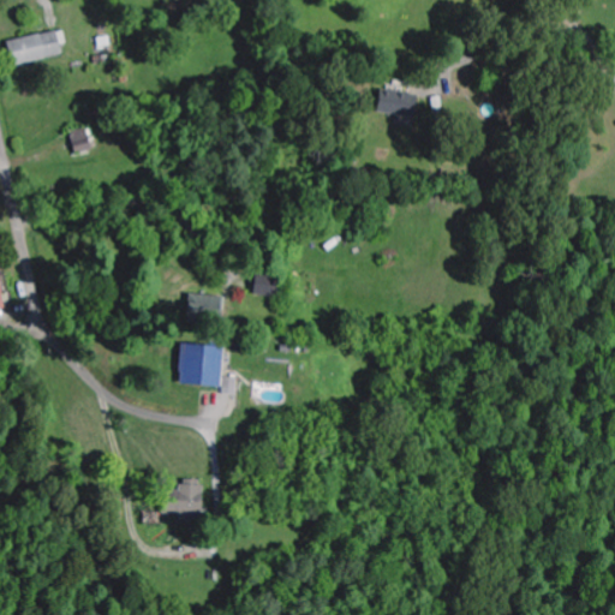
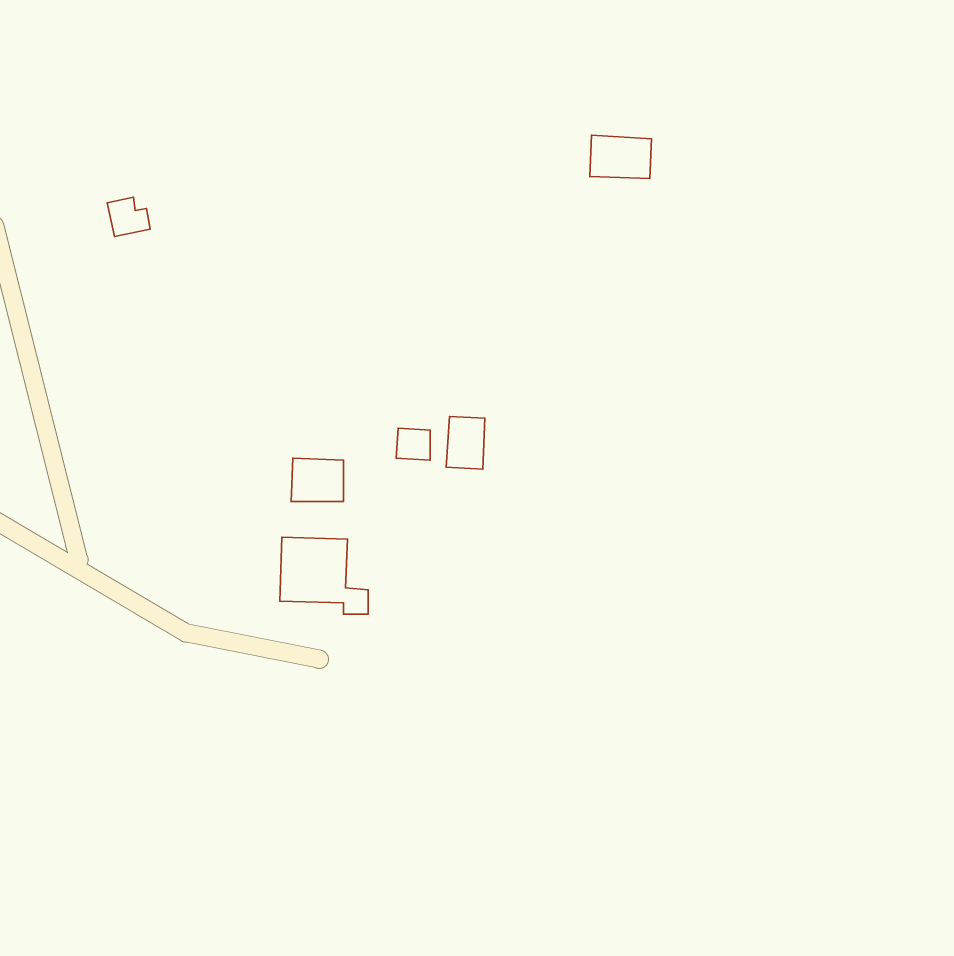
building: [6,26,65,64] -> none
building: none -> [446,416,485,469]
building: [162,483,202,518] -> none

